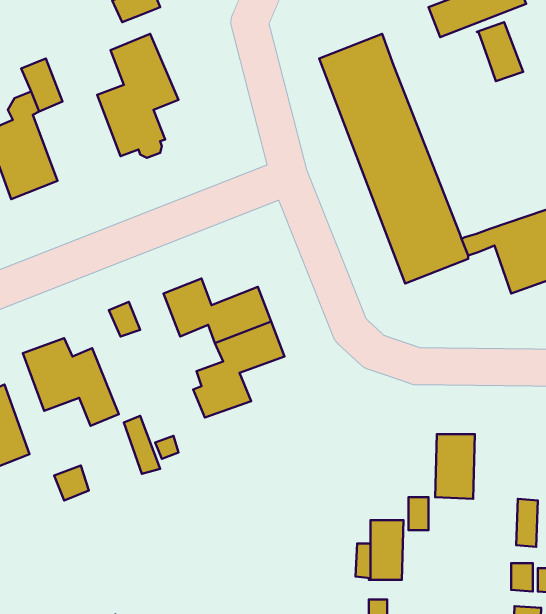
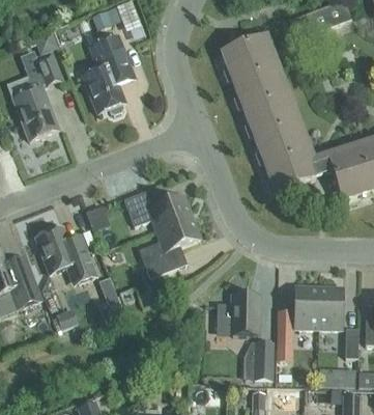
building: [477,22,523,81] -> none
building: none -> [318,286,343,327]
building: none -> [217,294,258,333]

